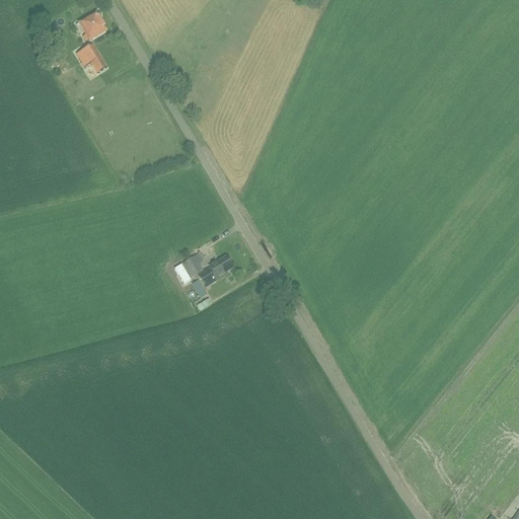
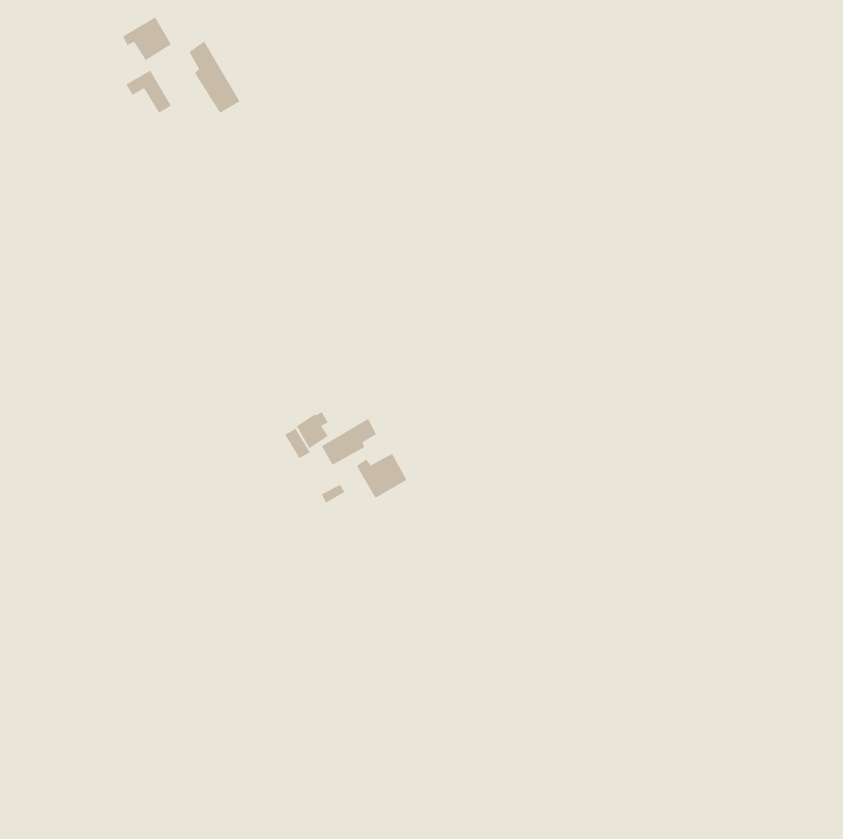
building: none -> [188,40,241,114]
building: none -> [356,453,407,499]

